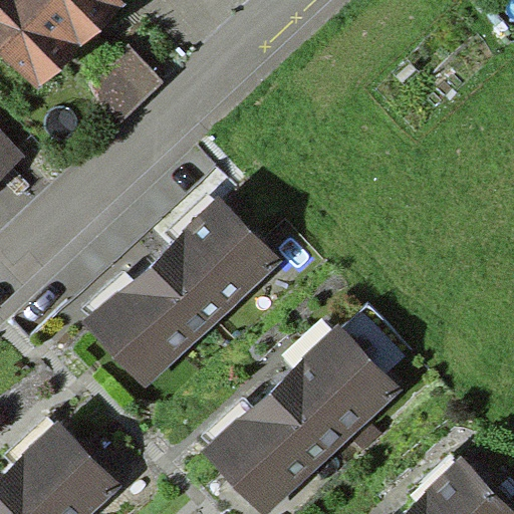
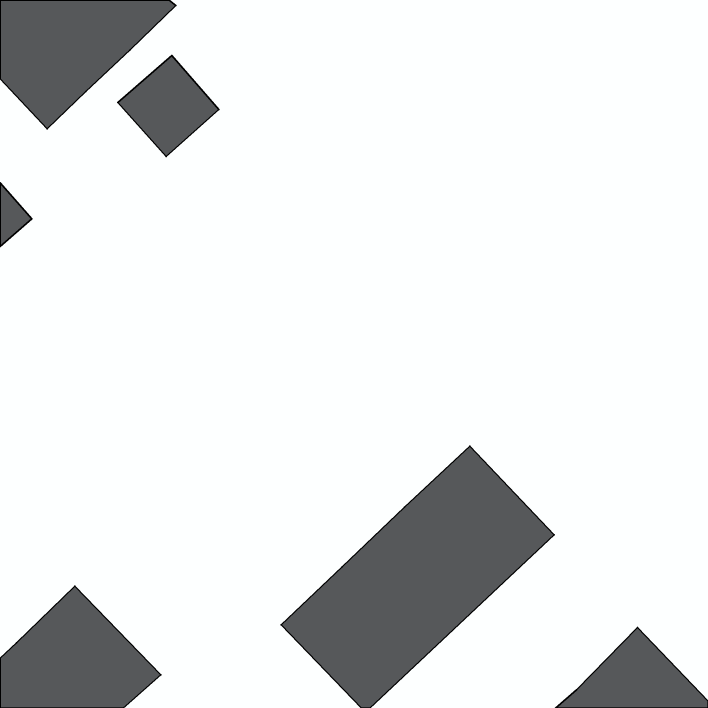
building: [82,196,281,389] -> none

